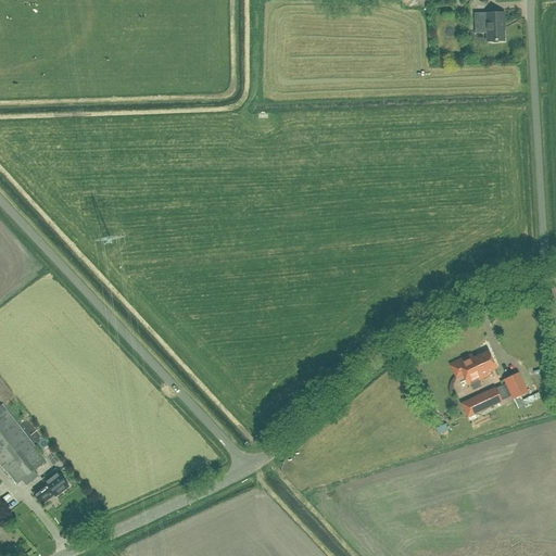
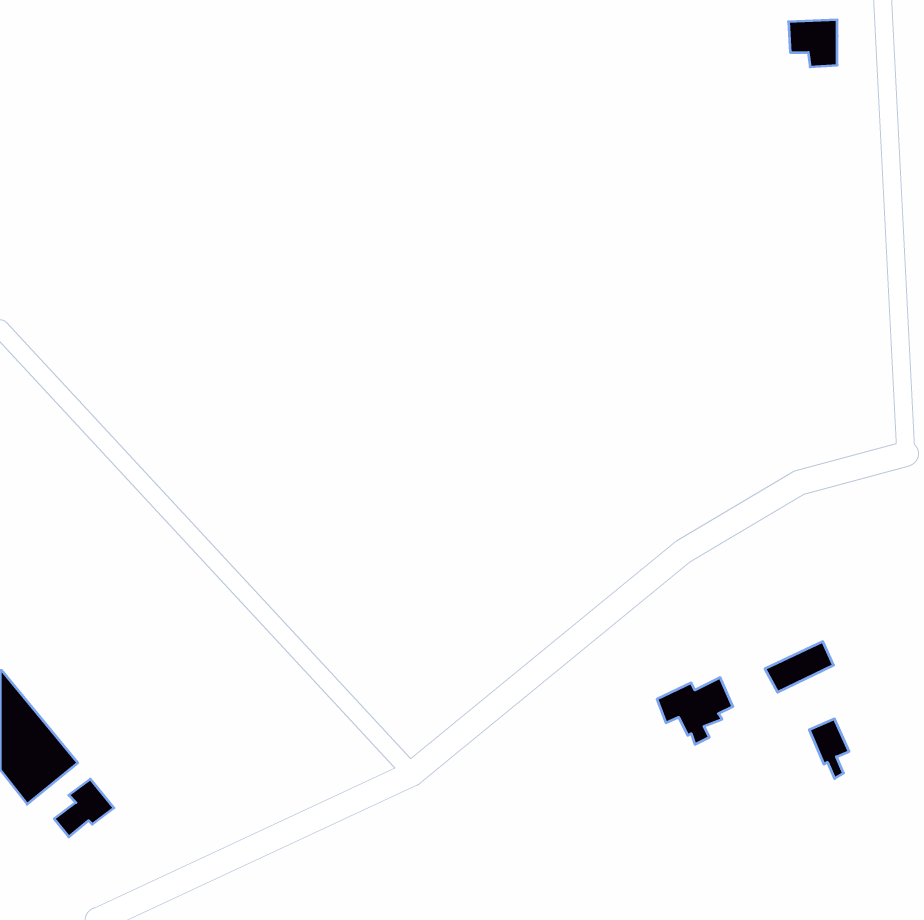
building: [450,349,495,389] -> [657,678,733,744]
building: [503,371,527,407] -> [809,719,849,779]

